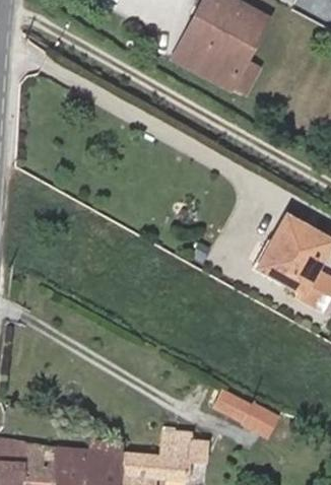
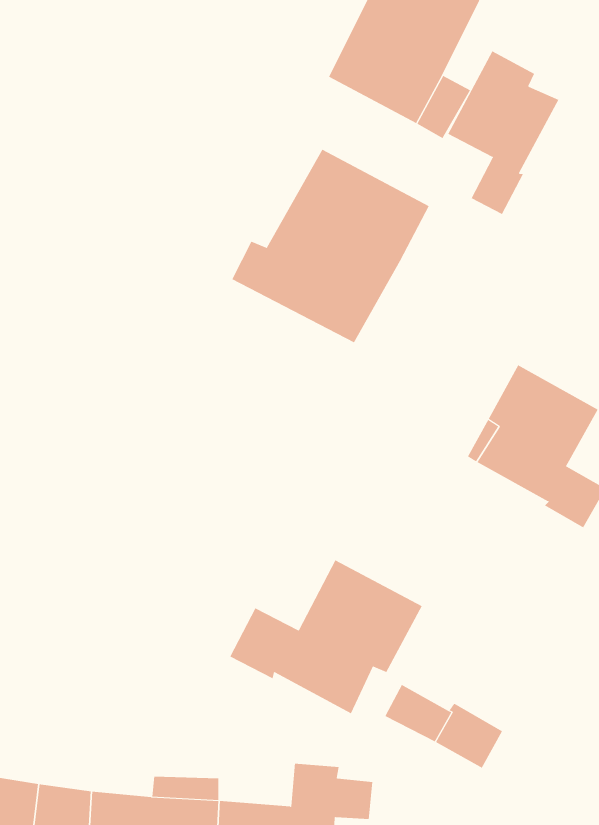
building: none -> [448,50,559,215]
building: none -> [232,149,430,343]
building: none -> [230,560,422,714]

